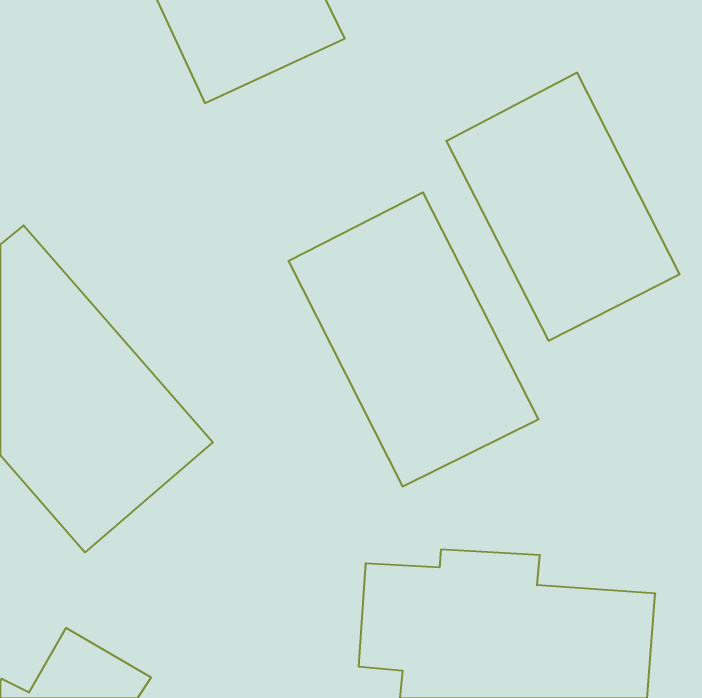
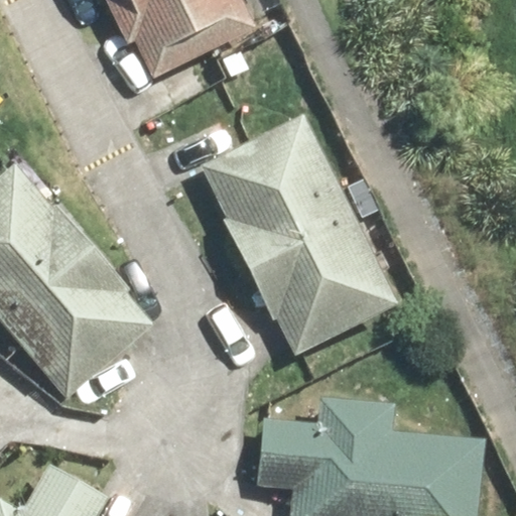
building: [446,73,680,341] -> none

